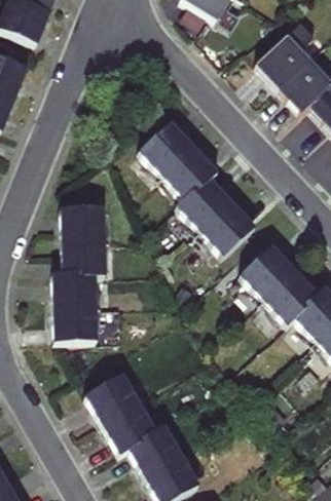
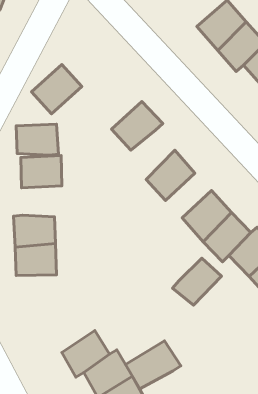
building: [138,121,194,177] -> [31,65,82,114]
building: [175,178,231,233] -> none
building: [60,240,107,275] -> [16,124,58,155]
building: none -> [173,258,222,305]
building: [86,374,142,427] -> none
building: none -> [126,341,181,389]

